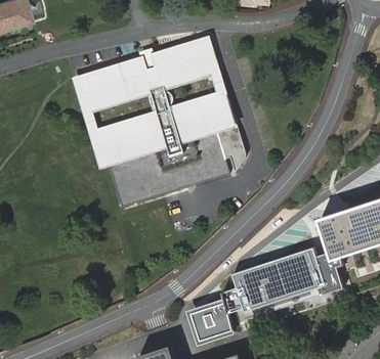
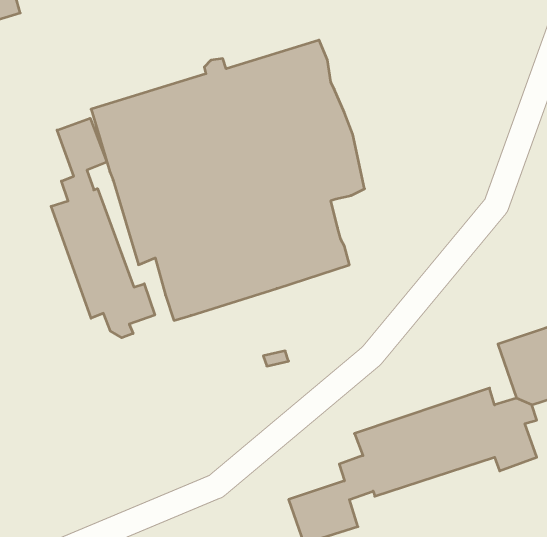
building: none -> [51,118,155,338]

